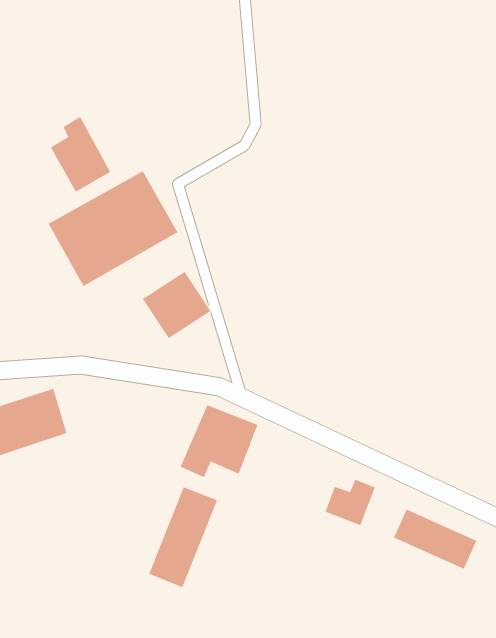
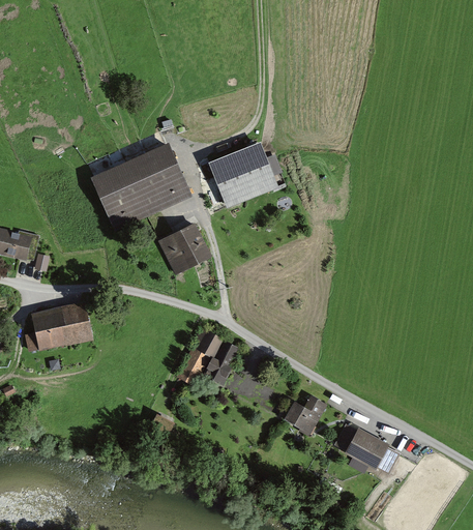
building: [50,116,111,193] -> none
building: none -> [207,139,278,206]
building: [148,486,218,588] -> none

